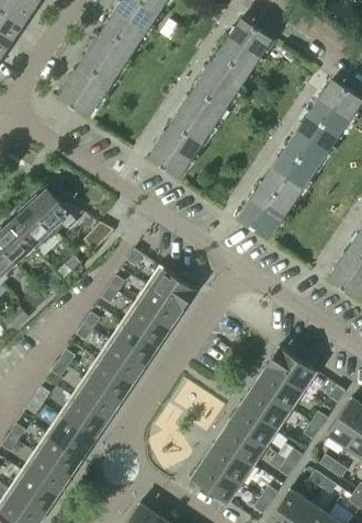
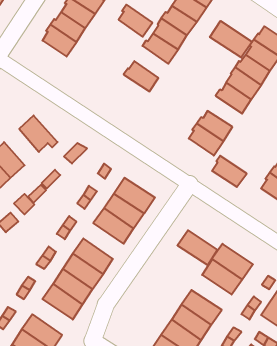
building: none -> [210,21,252,58]
building: [171,103,213,143] -> [119,5,152,37]
building: [147,138,190,177] -> none
building: [261,164,304,203] -> [212,156,247,187]
building: [11,205,54,250] -> none
building: [109,321,158,365] -> none
building: [241,385,291,428] -> [177,230,217,265]
building: [46,414,95,458] -> none

